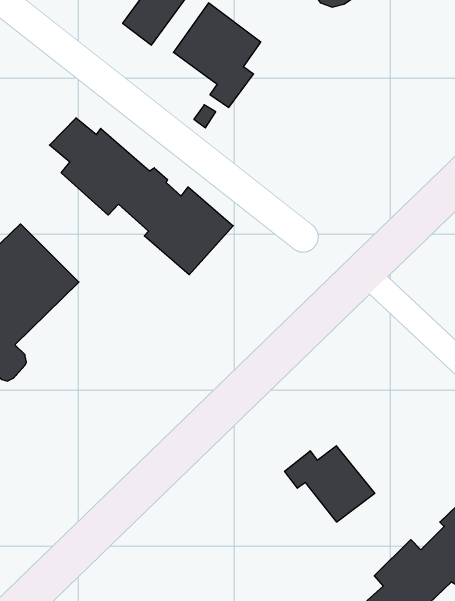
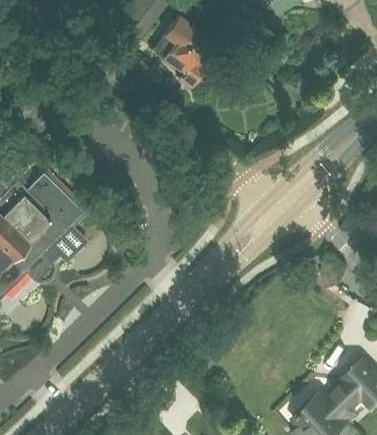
building: [49,118,233,275] -> none
building: [285,446,375,522] -> none

